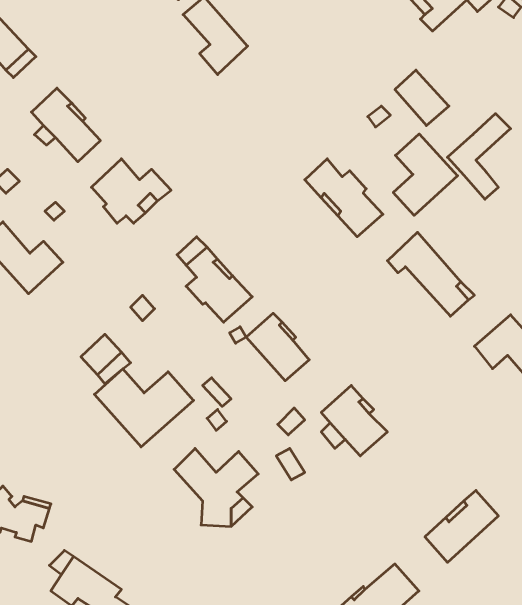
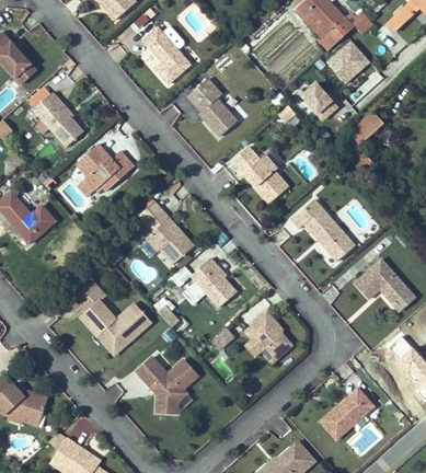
building: none -> [325,39,369,83]
building: none -> [188,78,238,135]
building: [393,134,458,215] -> none

